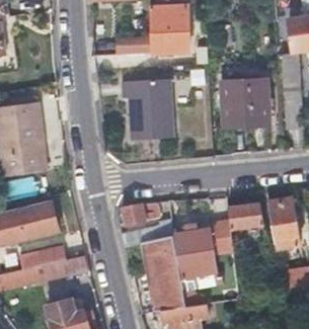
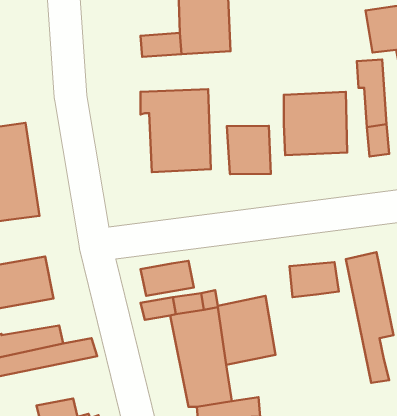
building: none -> [227,126,271,174]

